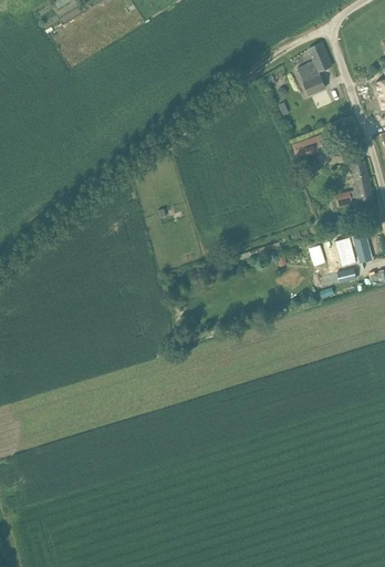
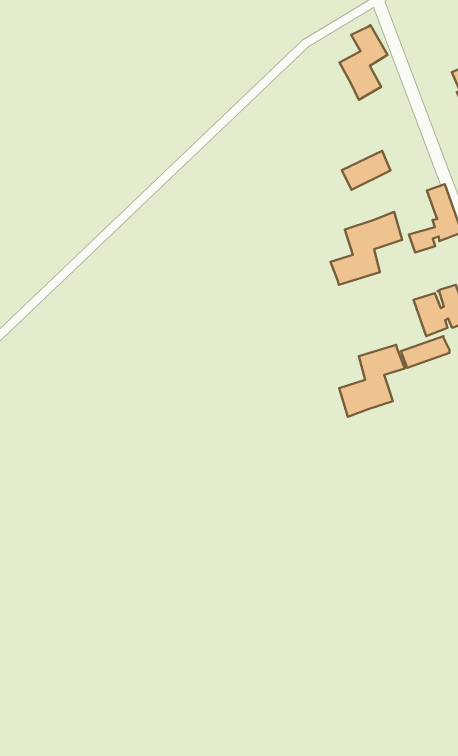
building: none -> [330,212,402,285]
building: none -> [339,345,405,417]

